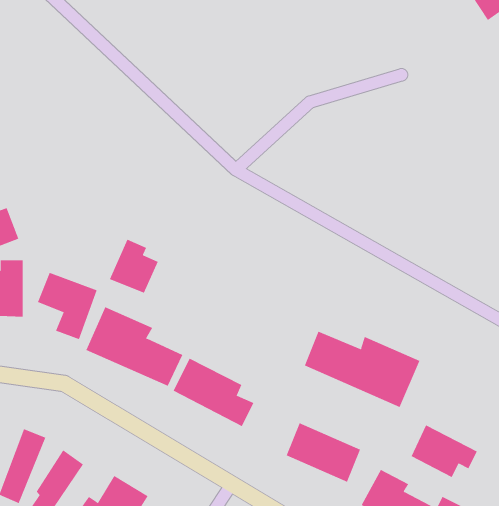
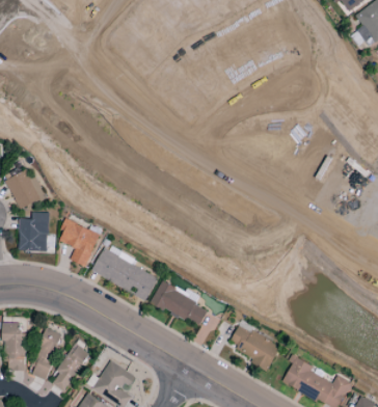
building: [109,239,158,294] -> none
building: [304,331,420,408] -> none
building: [411,424,478,478] -> none

